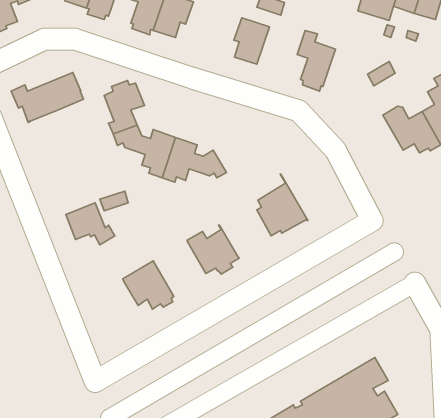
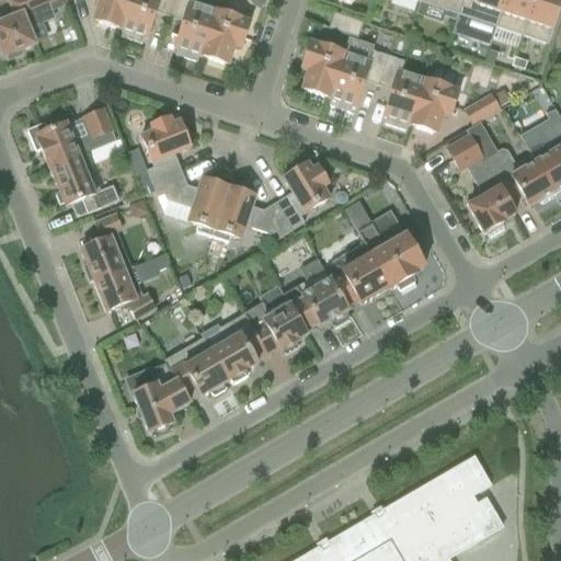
building: none -> [330,48,389,110]
building: none -> [411,77,460,131]
building: none -> [447,133,516,234]
building: none -> [50,151,115,211]
building: none -> [276,160,331,228]
building: none -> [82,213,131,279]
building: none -> [359,221,425,288]
building: none -> [284,267,351,330]
building: none -> [203,312,267,382]
building: none -> [131,362,191,435]

